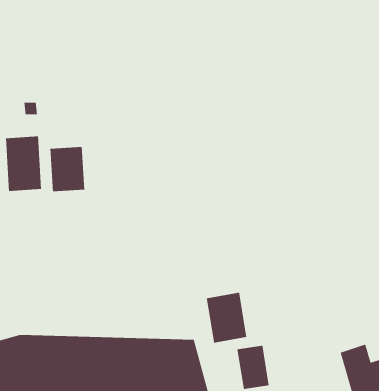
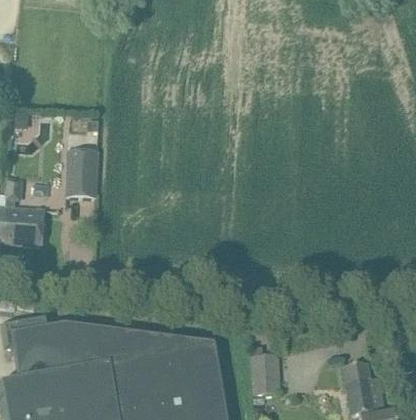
building: [50,146,85,192] -> none
building: [206,292,247,343] -> none

